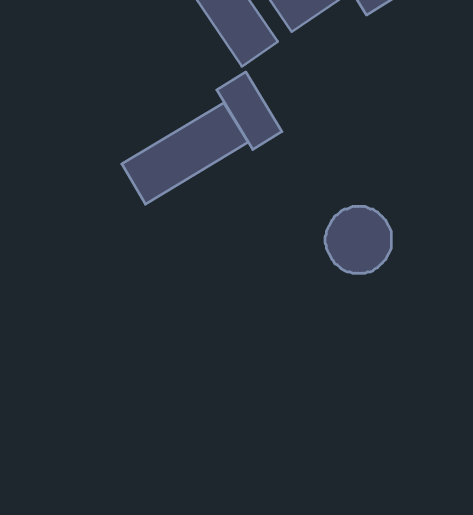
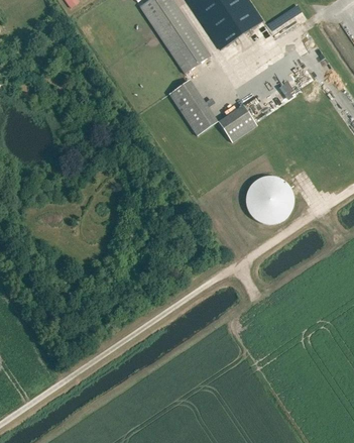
building: [122,103,248,204] -> none
building: none -> [214,103,255,142]

